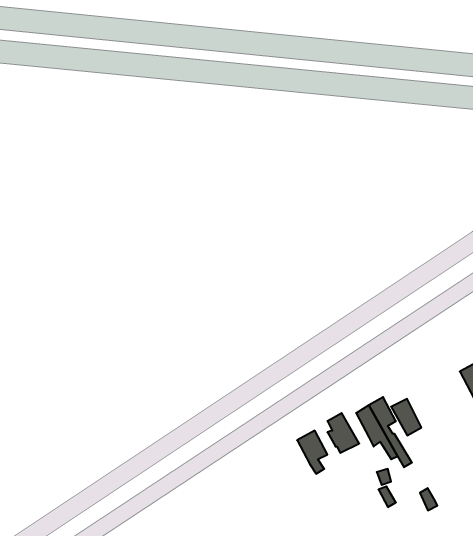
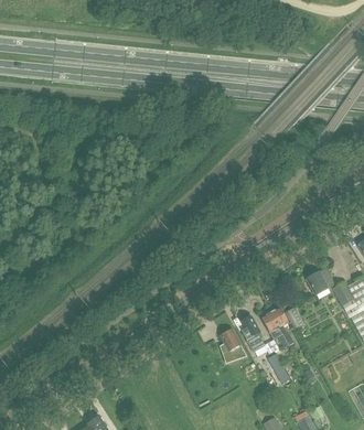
building: none -> [306,267,334,294]

